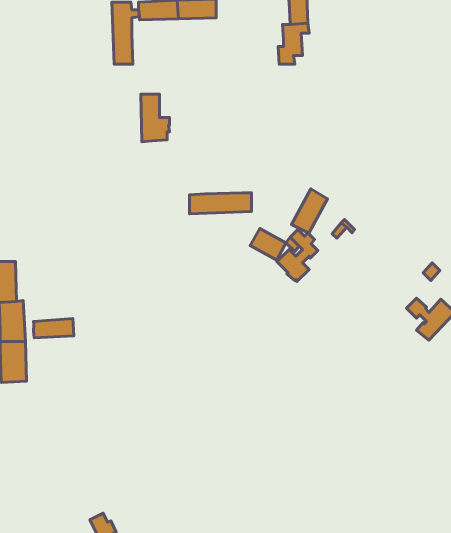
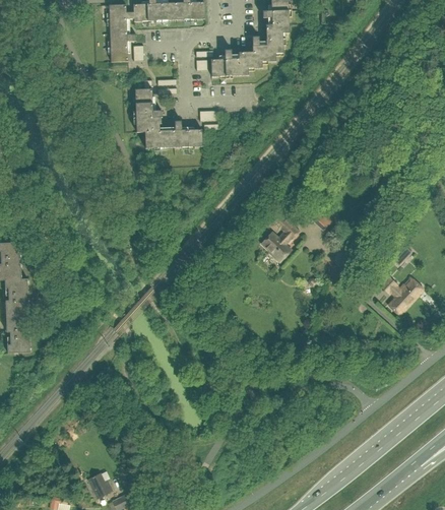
building: none -> [210,45,262,76]
building: [291,189,328,233] -> none
building: [189,193,252,214] -> [145,129,202,148]
building: [250,229,286,260] -> none
building: [33,318,74,338] -> none

